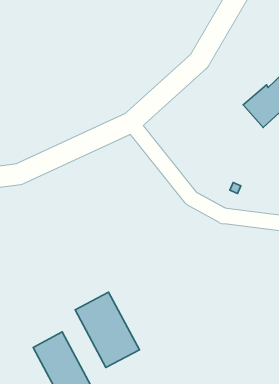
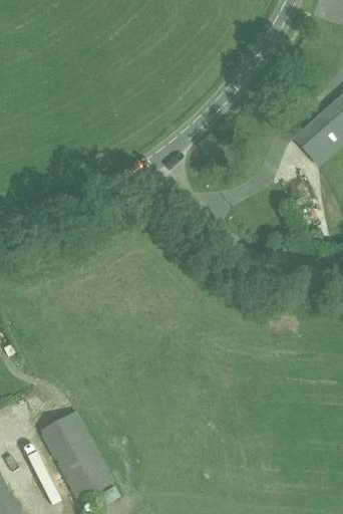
building: [75,292,139,367] -> none

